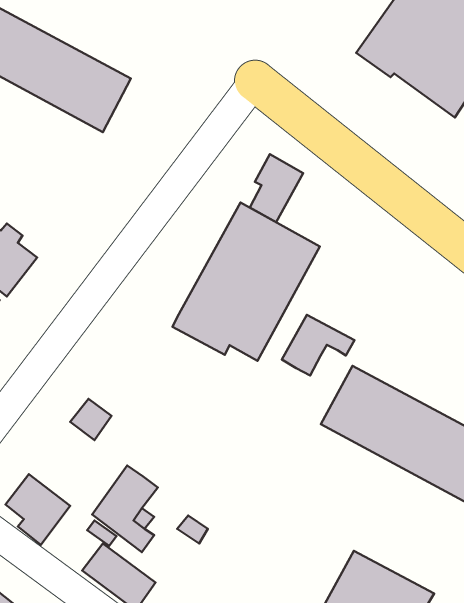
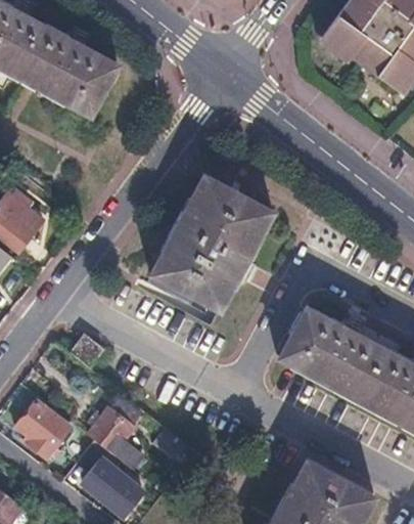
building: [250,154,303,222] -> none
building: [282,315,354,375] -> none

